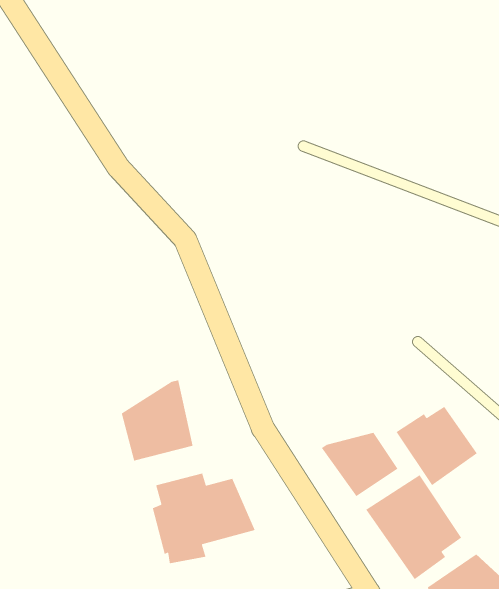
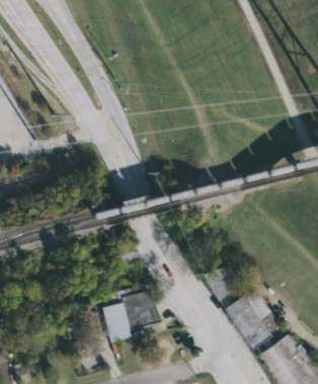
building: [121,379,194,462] -> none
building: [396,406,478,486] -> none

